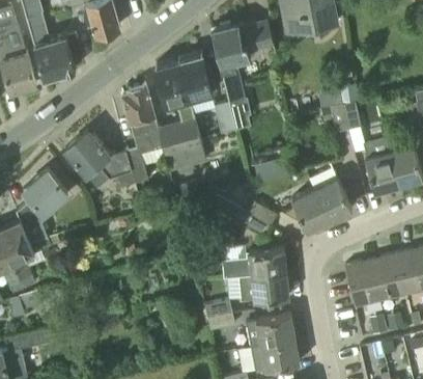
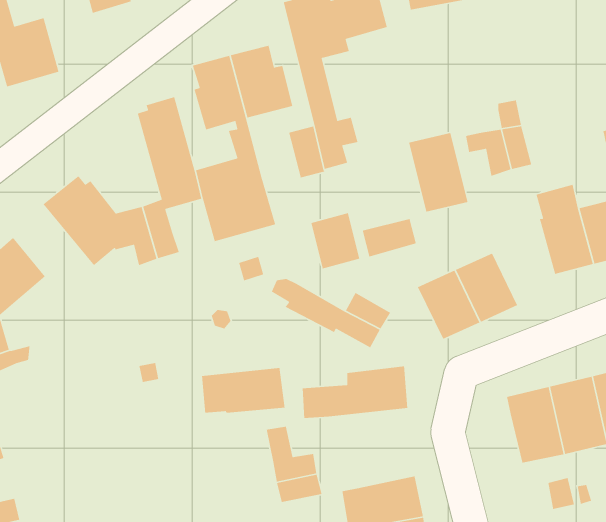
building: none -> [408,132,469,213]
building: none -> [311,212,360,269]
building: [238,273,289,301] -> [201,367,285,413]

